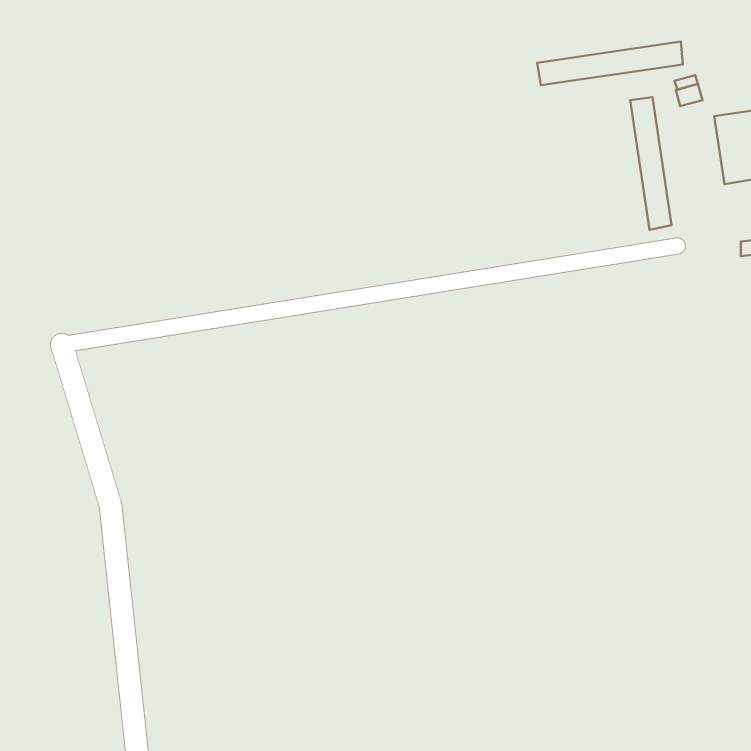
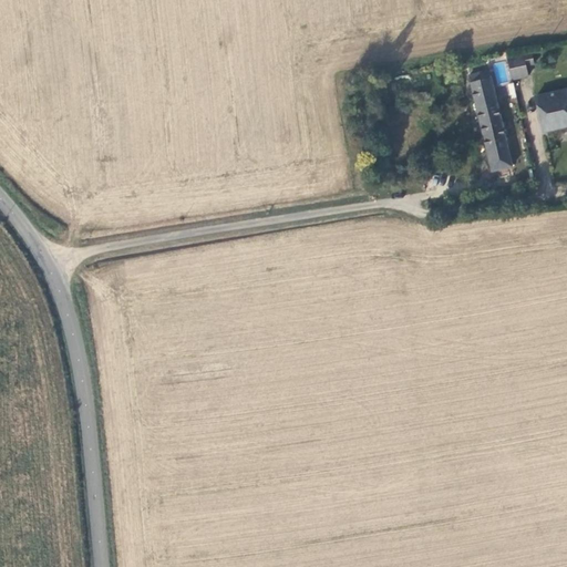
building: [537,42,683,85] -> none

